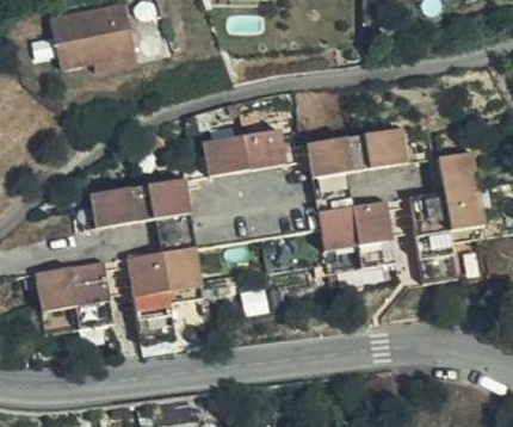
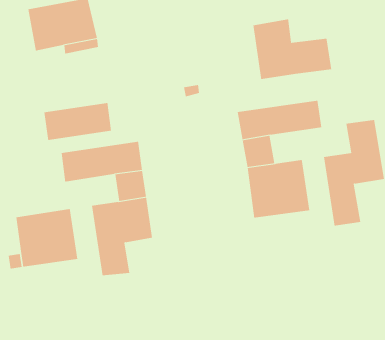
building: none -> [253,19,332,80]
building: [200,129,284,175] -> [43,102,112,140]

